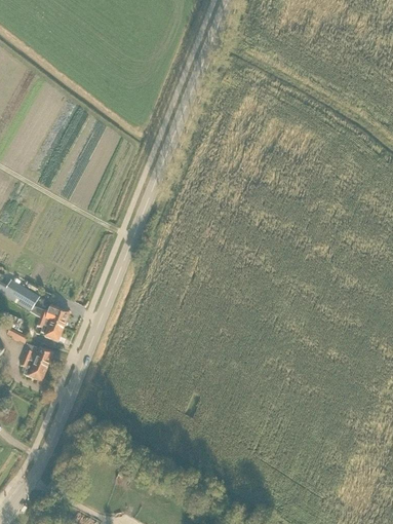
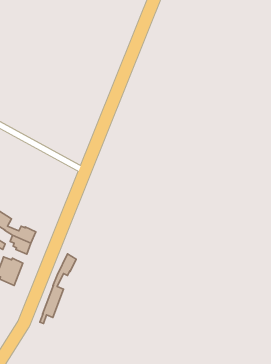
building: none -> [40,254,76,323]

